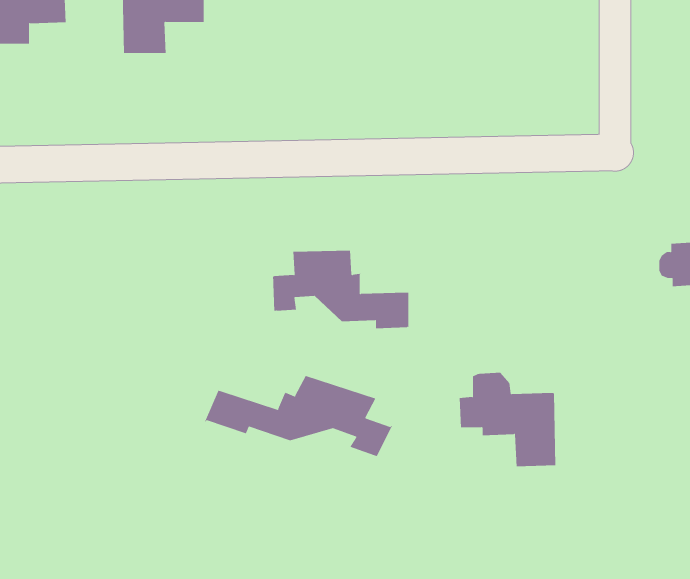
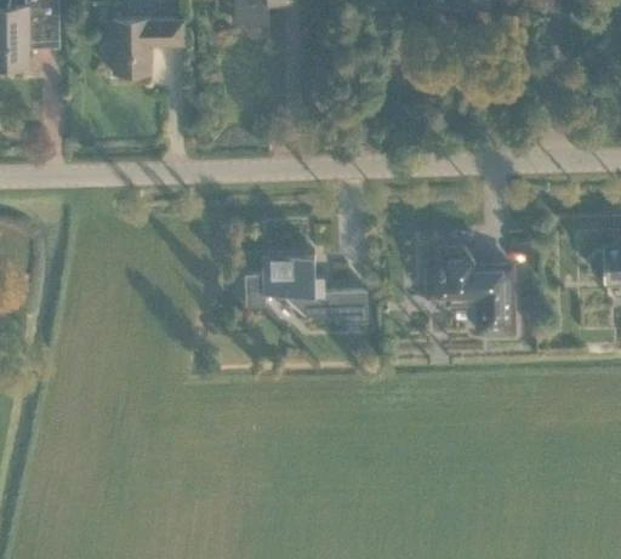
building: [459,372,556,467] -> [426,249,513,333]
building: [205,375,393,457] -> none

